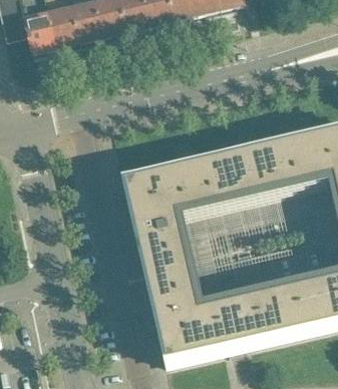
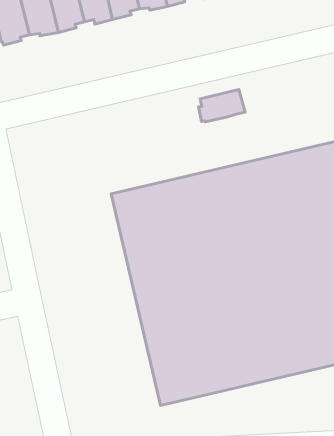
building: none -> [199,90,245,122]

